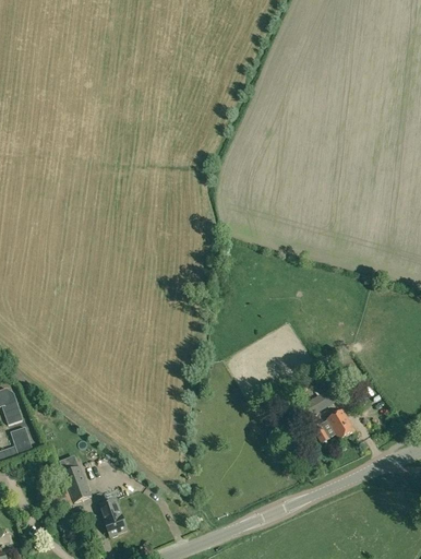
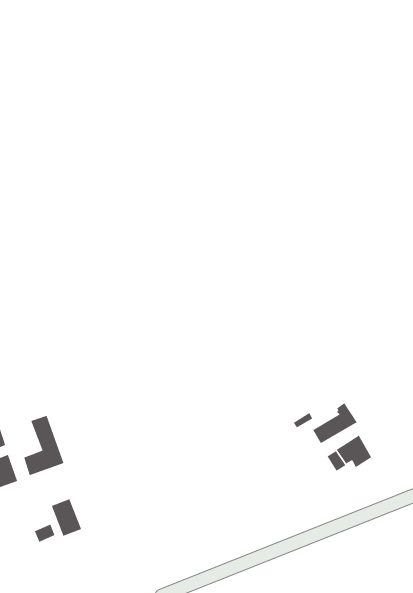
building: none -> [23,415,65,476]
building: [97,497,127,534] -> none

